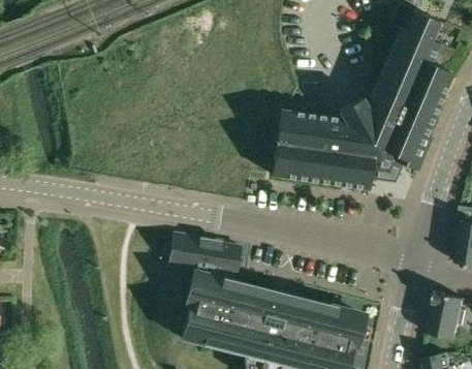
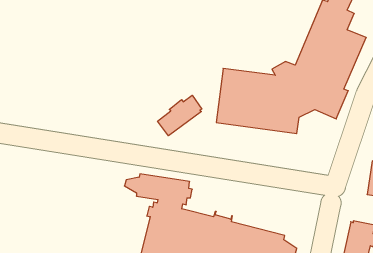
building: none -> [158,95,202,136]

